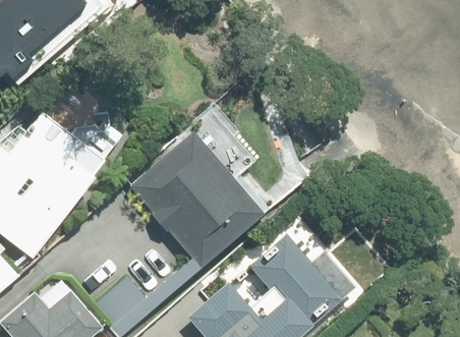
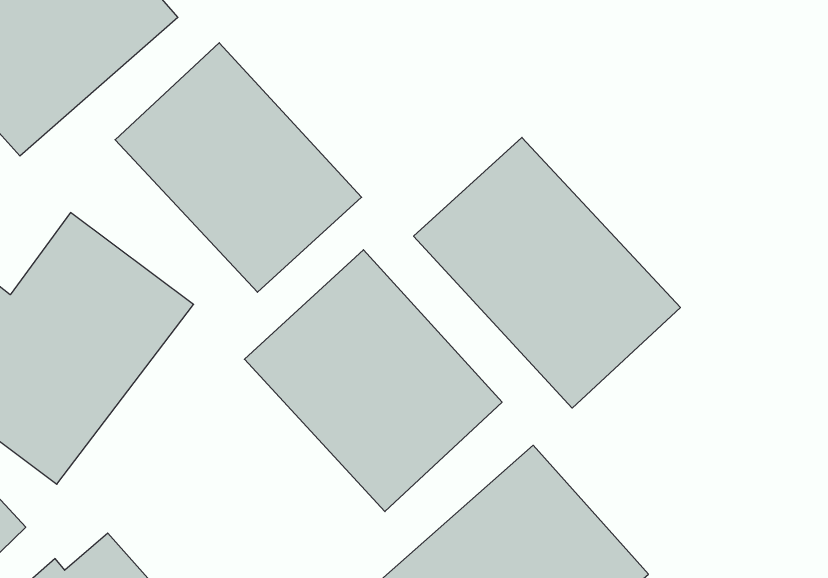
building: none -> [115,43,362,292]
building: none -> [414,137,680,408]

